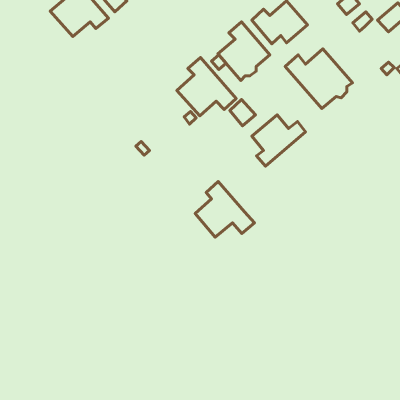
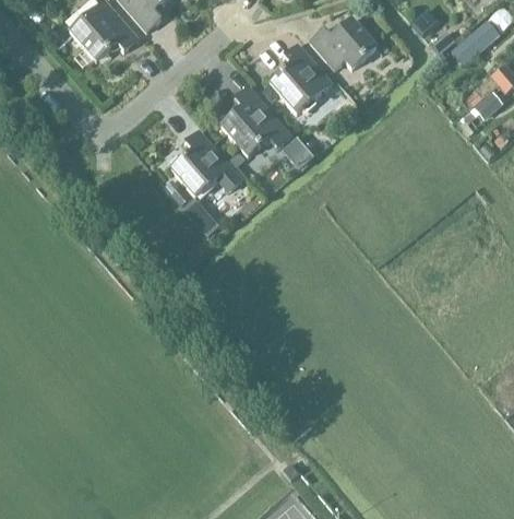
building: [285,49,352,109] -> none
building: [252,115,306,166] -> none
building: [195,182,255,237] -> [171,130,242,197]

